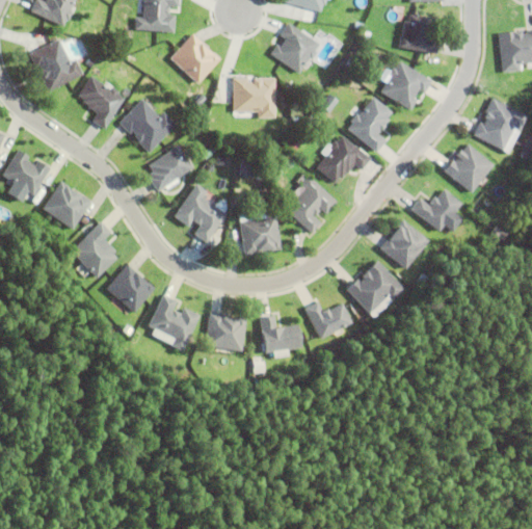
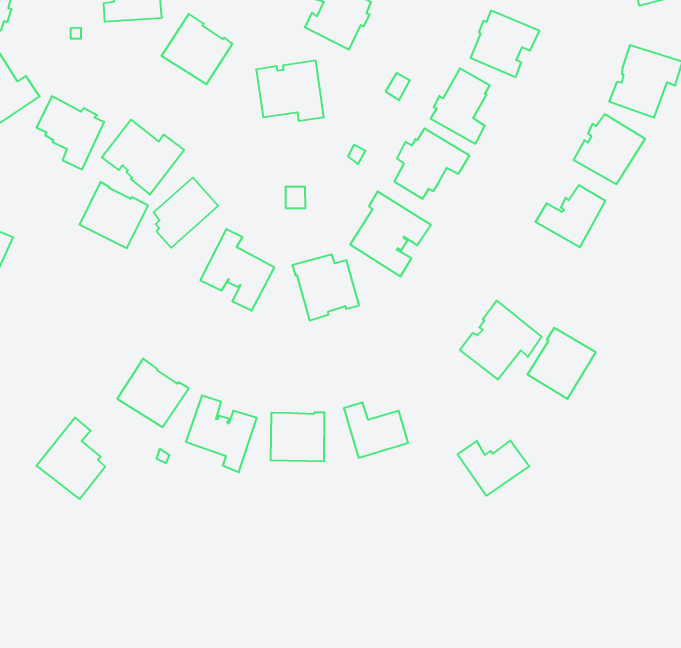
building: [43,182,91,230] -> [79,182,148,248]
building: [378,219,427,269] -> [527,328,596,399]
building: [71,222,117,279] -> [36,417,105,499]
building: [303,300,351,339] -> [458,440,529,496]

